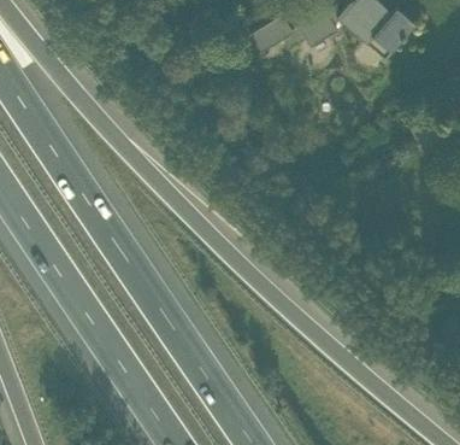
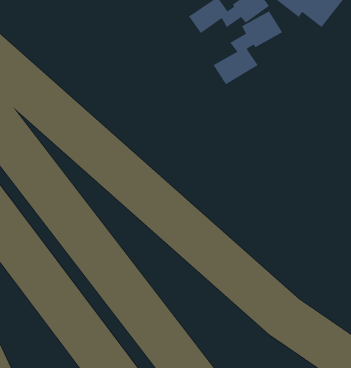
building: none -> [213,11,283,85]

